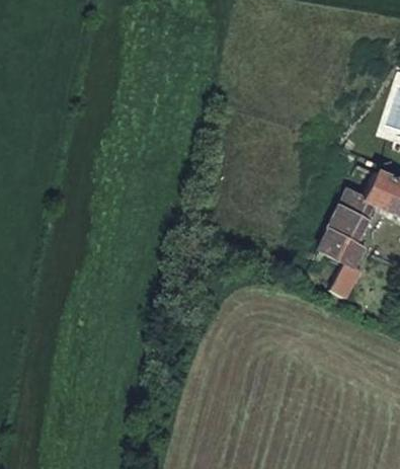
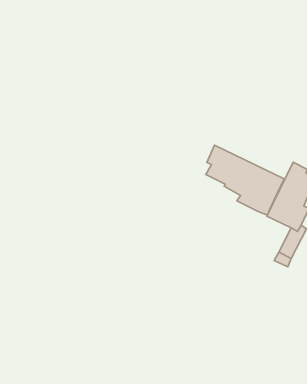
building: none -> [206,145,284,215]

